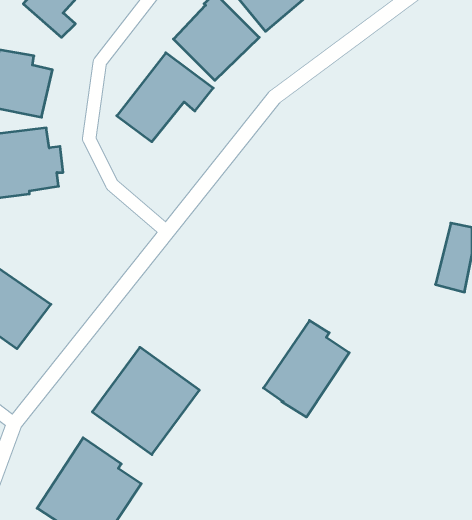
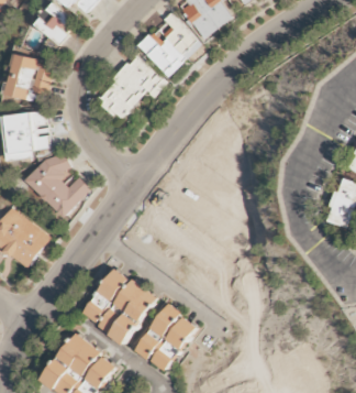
building: none -> [26,150,91,218]
building: [263,320,349,417] -> [134,303,196,372]

